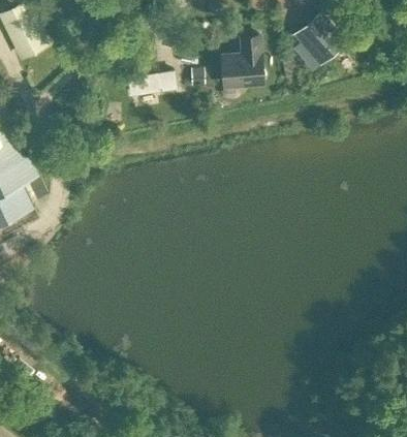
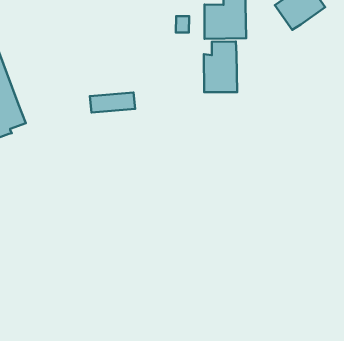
building: [128,72,176,96] -> [90,93,135,112]
building: none -> [204,41,237,92]

